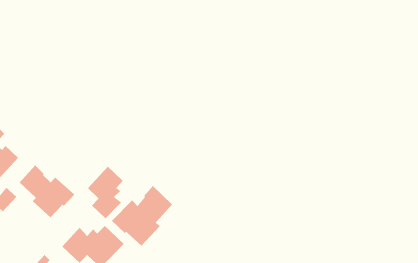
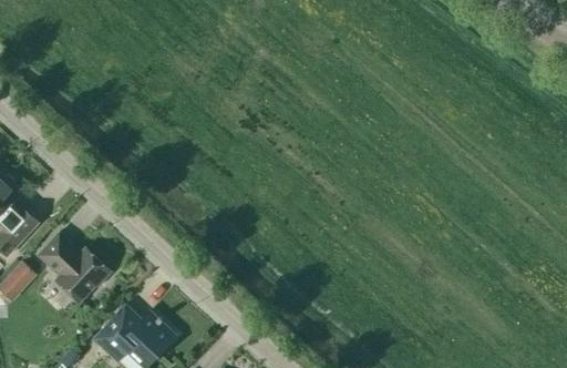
building: [87,166,134,219] -> none
building: [111,185,173,246] -> none

